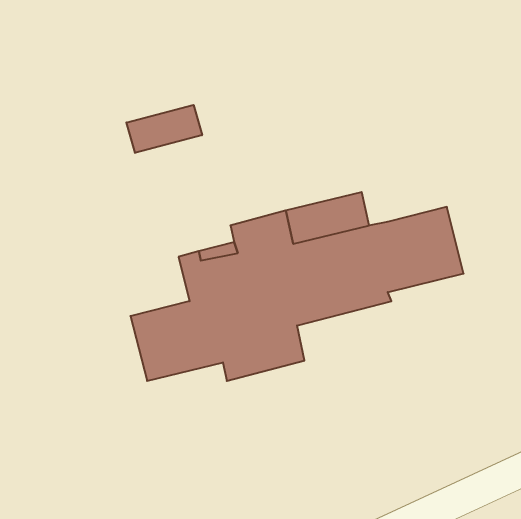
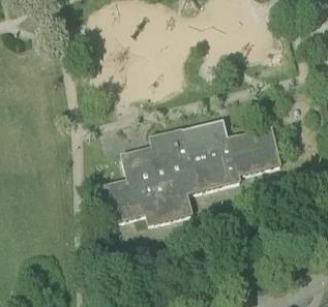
building: [126,105,202,153] -> none

